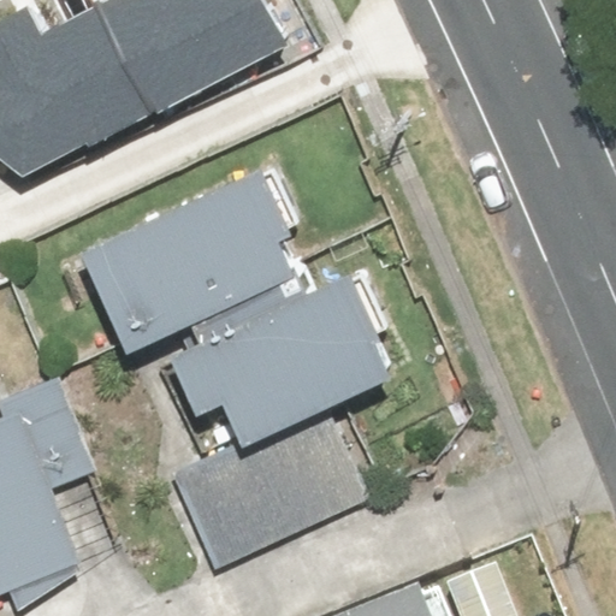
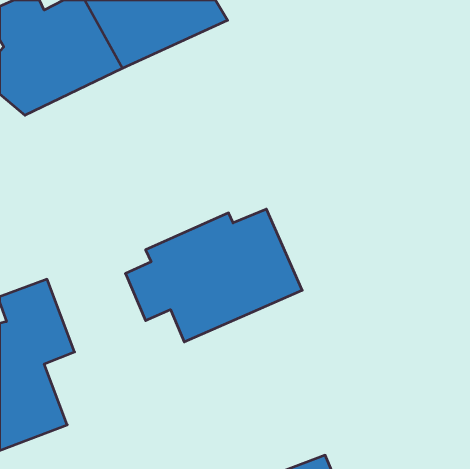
building: [79,172,298,357] -> none
building: [171,407,377,569] -> none

